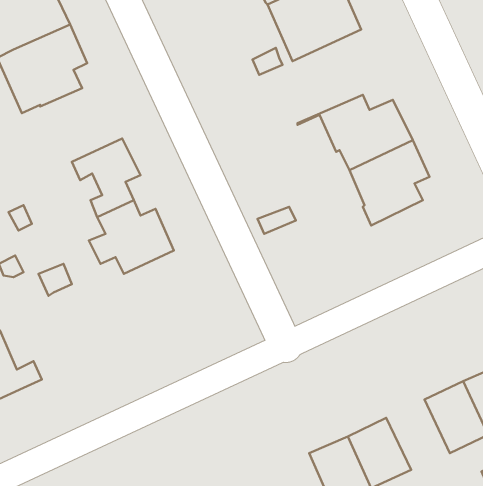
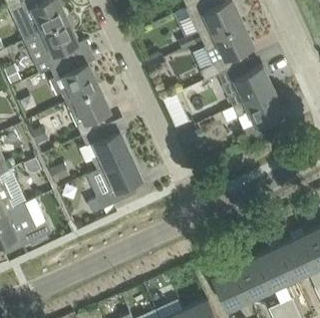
building: none -> [200,24,253,80]
building: none -> [50,59,99,103]
building: none -> [87,156,141,209]
building: none -> [258,246,296,288]

